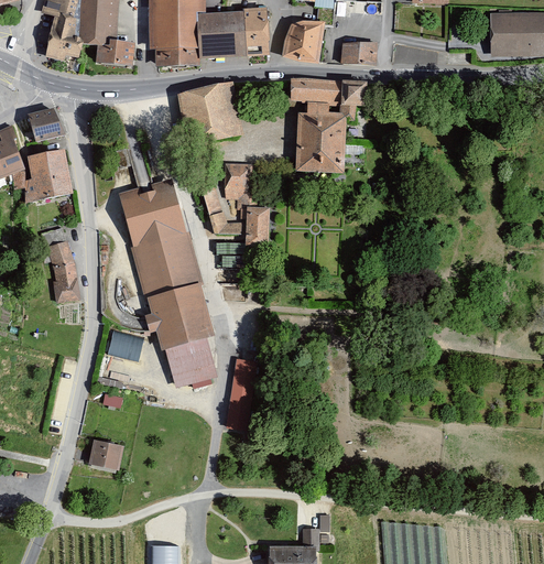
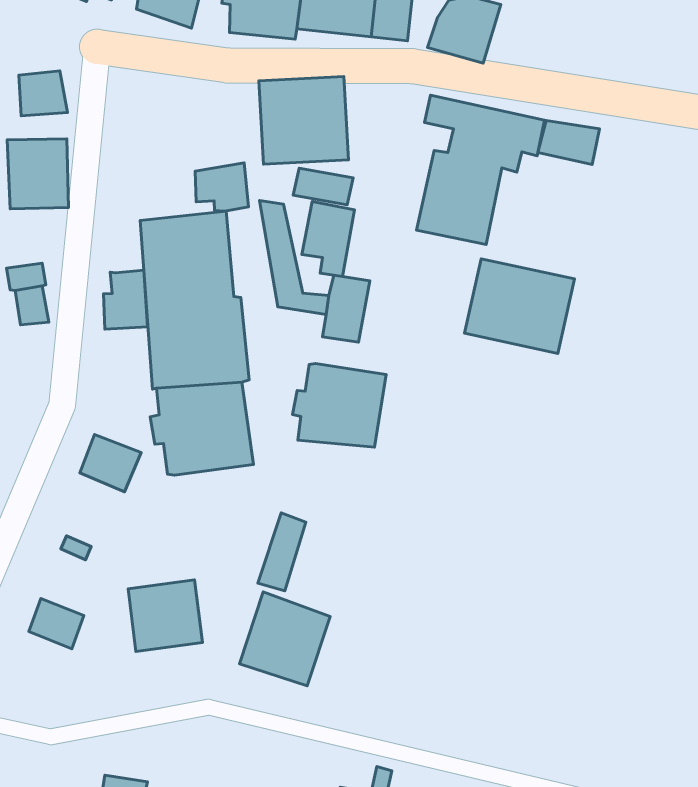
building: [340,42,377,65] -> [538,121,599,165]
building: none -> [293,168,353,205]
building: none -> [195,163,249,211]
building: none -> [465,259,574,354]
building: none -> [293,364,386,447]
building: [48,265,79,306] -> [103,270,147,329]
building: [165,337,217,388] -> [128,580,202,651]
building: none -> [240,592,330,686]

